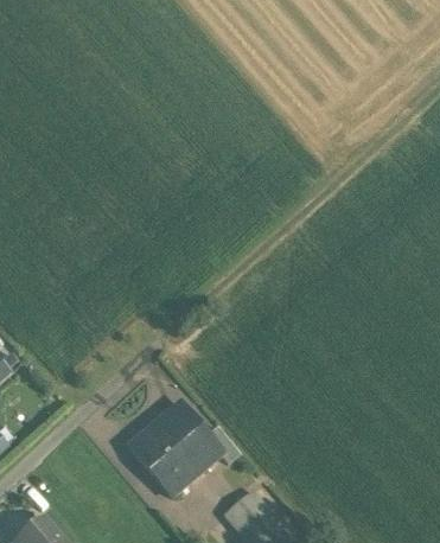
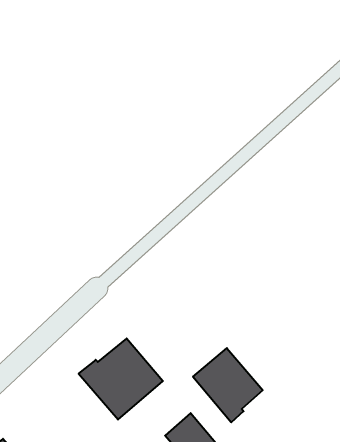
building: none -> [193,348,263,422]

